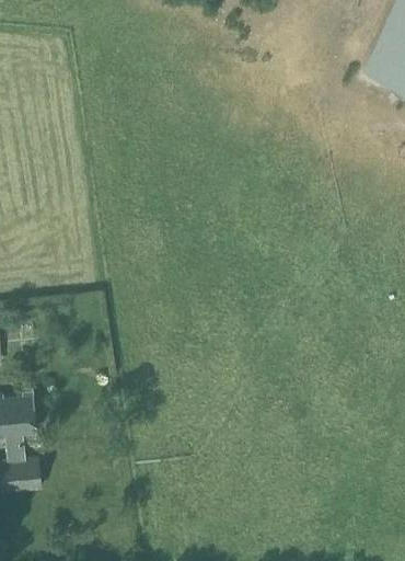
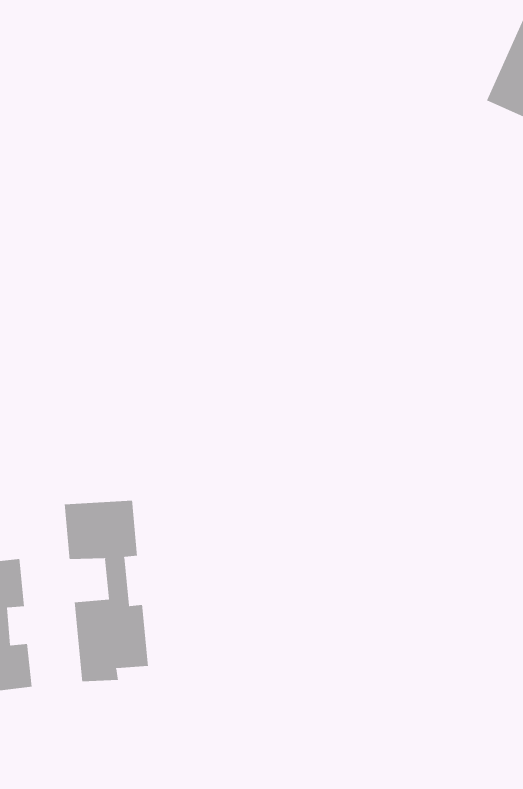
building: none -> [64,500,149,682]

